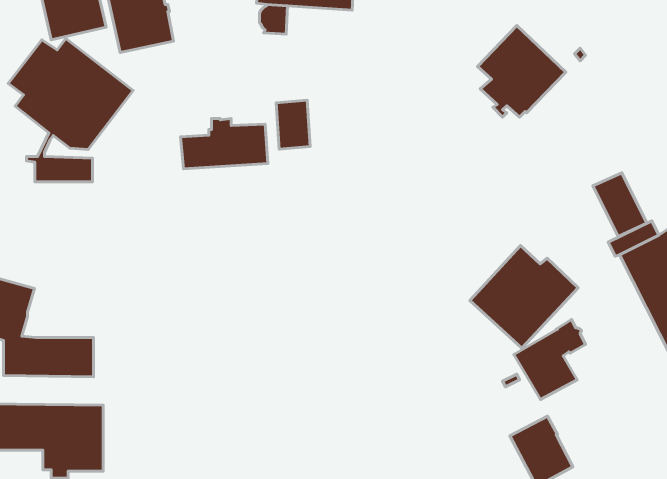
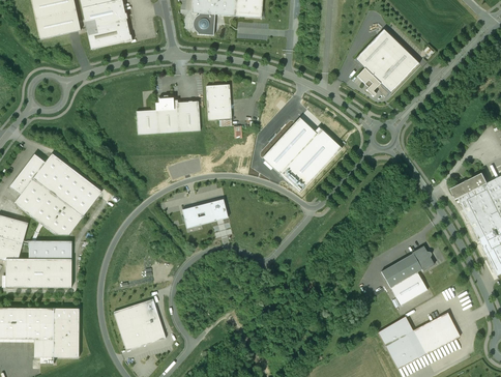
building: [8,39,133,182] -> [9,153,101,259]
building: [593,173,647,236] -> none
building: [470,246,578,348] -> [262,117,342,193]
building: none -> [182,199,228,228]
building: none -> [114,298,166,351]
building: none -> [412,312,460,354]

